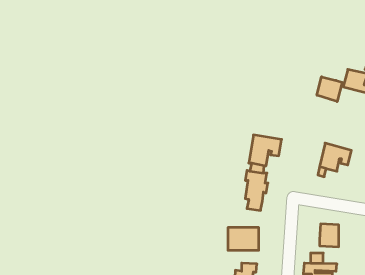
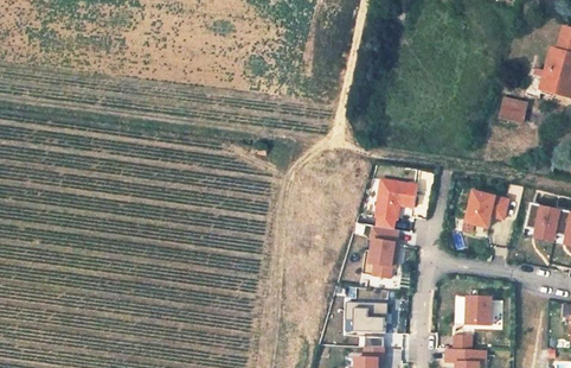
building: [317,77,342,102] -> none

